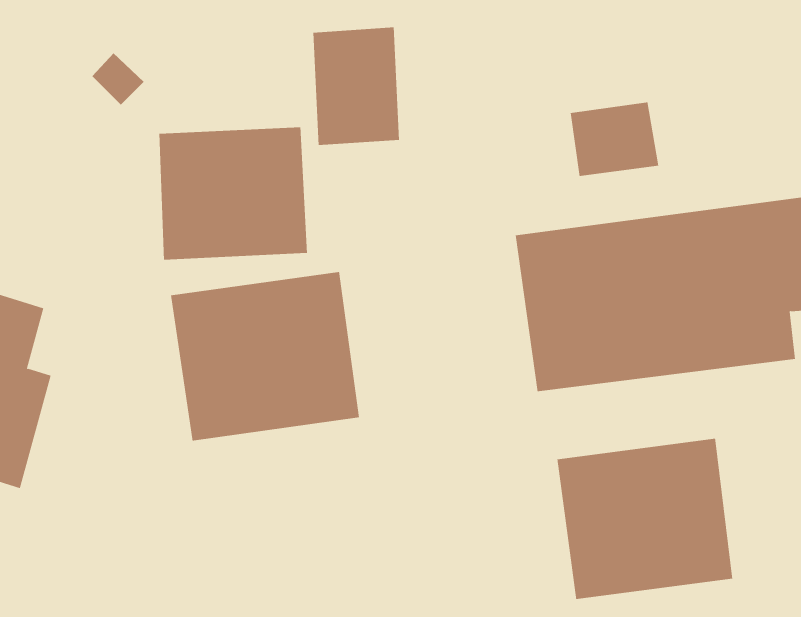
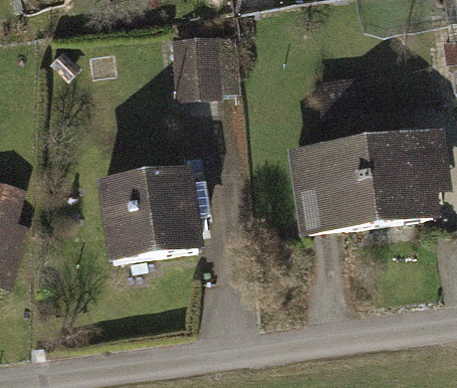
building: [159,127,307,260] -> none
building: [557,438,733,600] -> none

